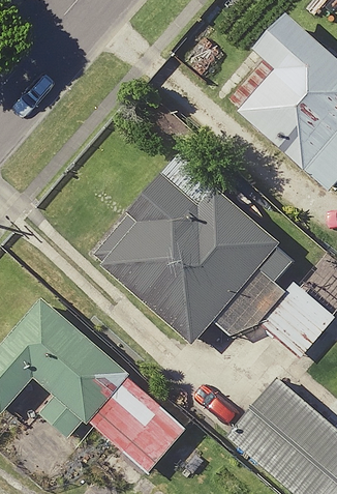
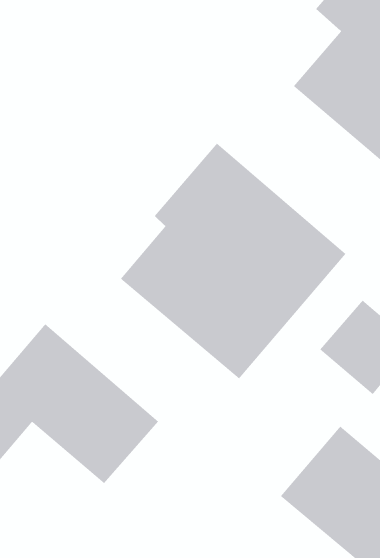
building: [94,381,190,476] -> none

